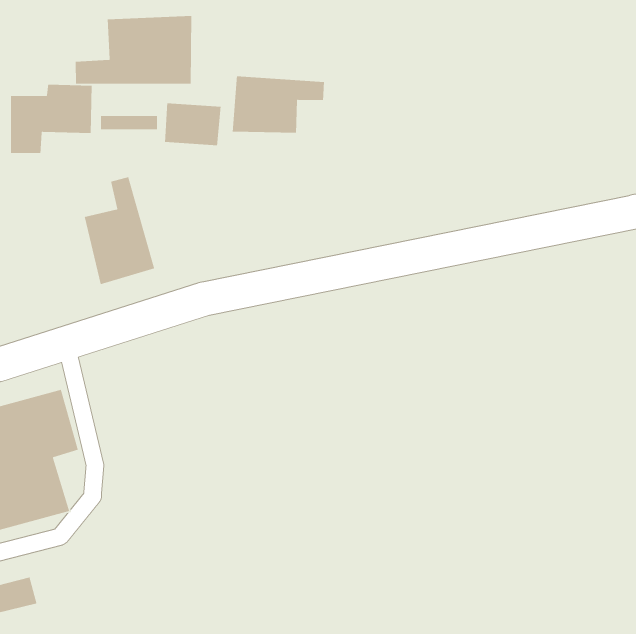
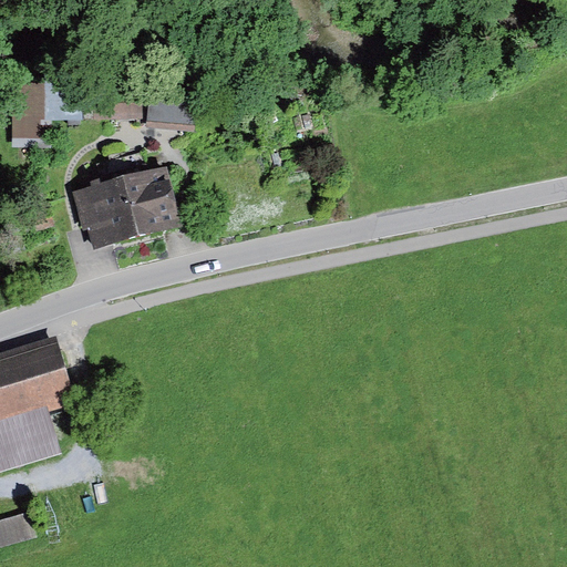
building: [75,15,192,85] -> none
building: [232,75,325,134] -> none
building: none -> [114,150,179,238]

